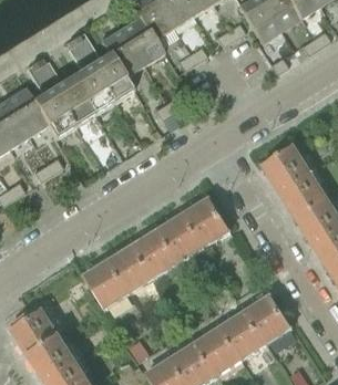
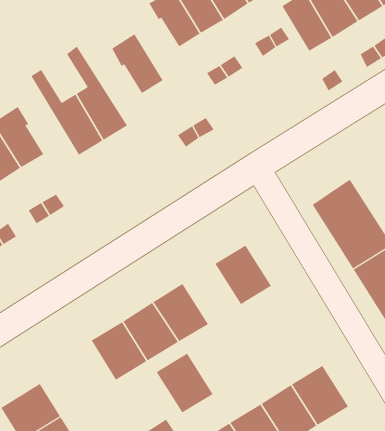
building: [120,15,164,65] -> none
building: [73,32,134,102] -> none
building: [25,62,74,138] -> none
building: [158,214,205,262] -> [156,353,214,413]

